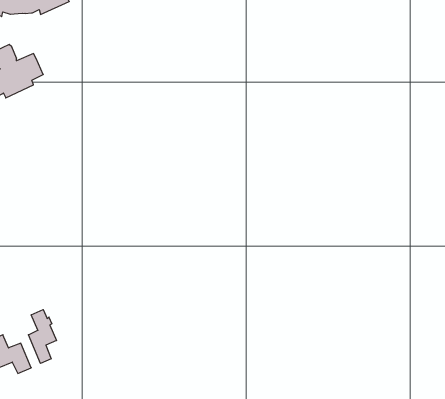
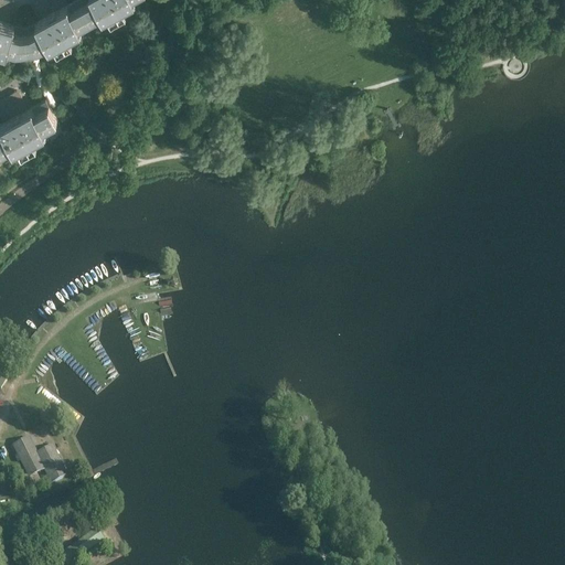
building: [28,310,56,363] -> none

